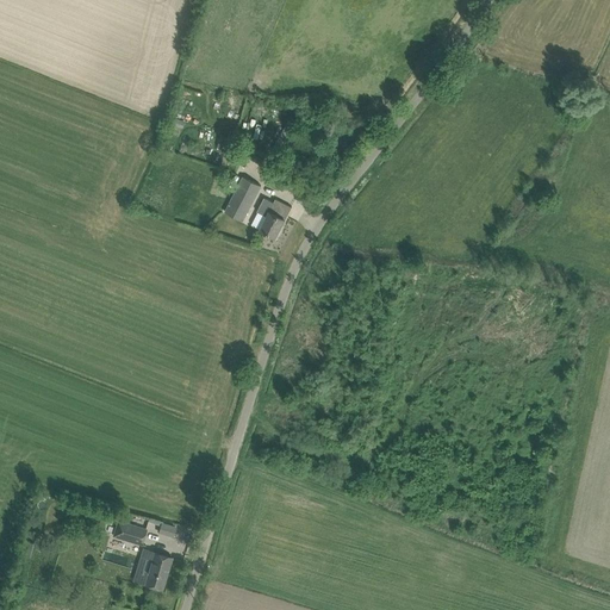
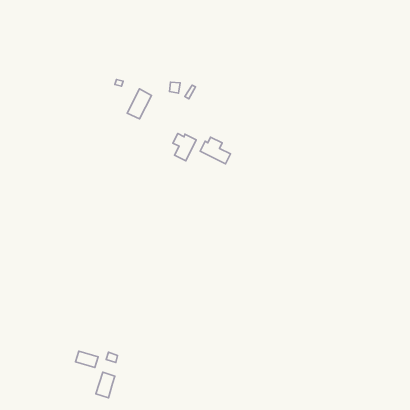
building: [224,178,260,222] -> [127,89,151,119]
building: none -> [200,137,231,164]

